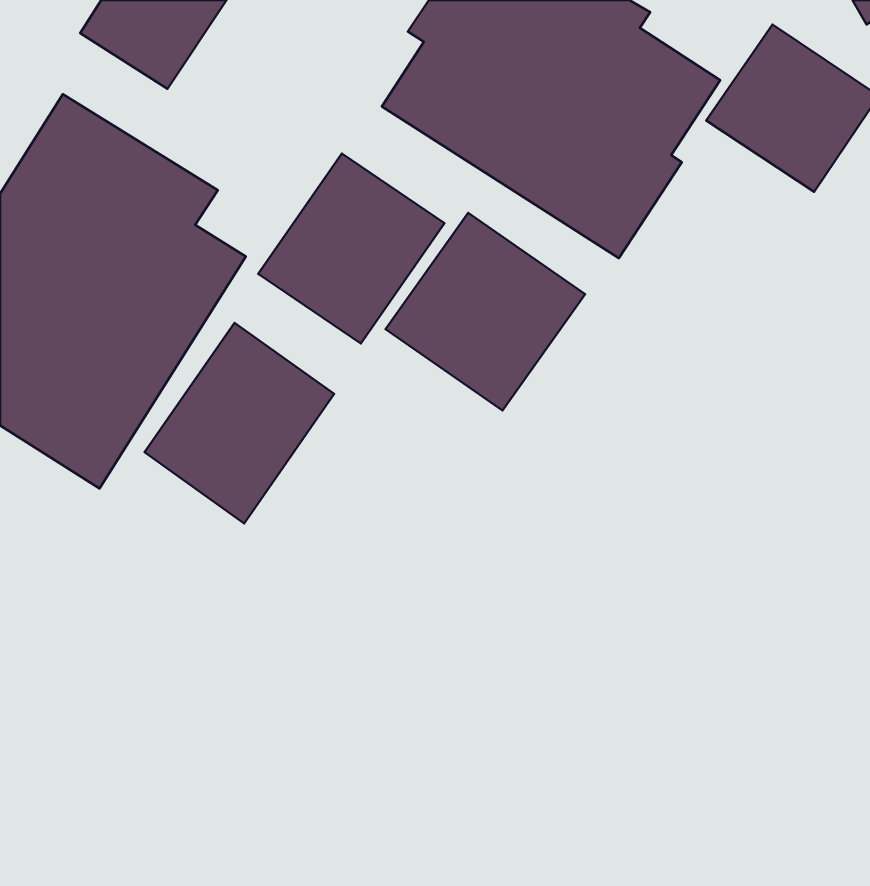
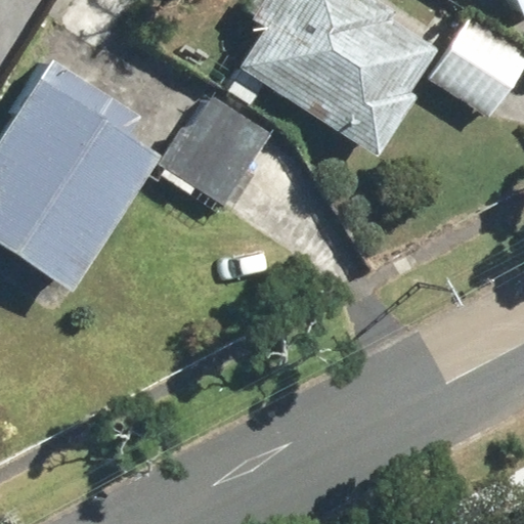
building: [386,213,585,411] -> none
building: [144,323,334,524] -> none

